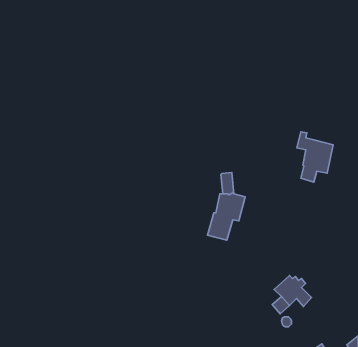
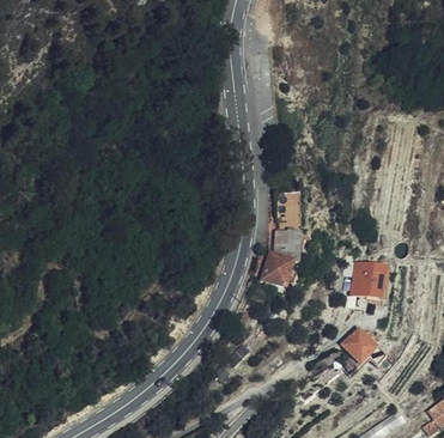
building: [297,132,333,182] -> [345,250,388,310]

